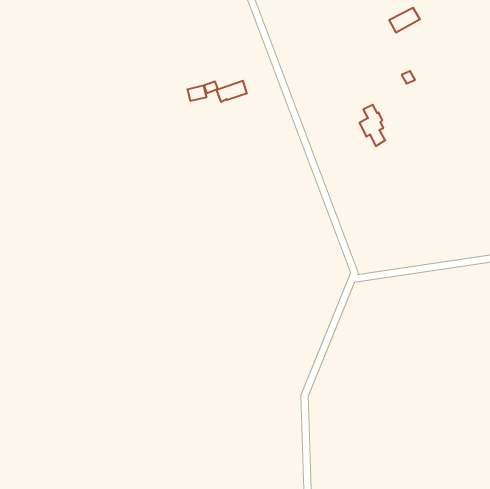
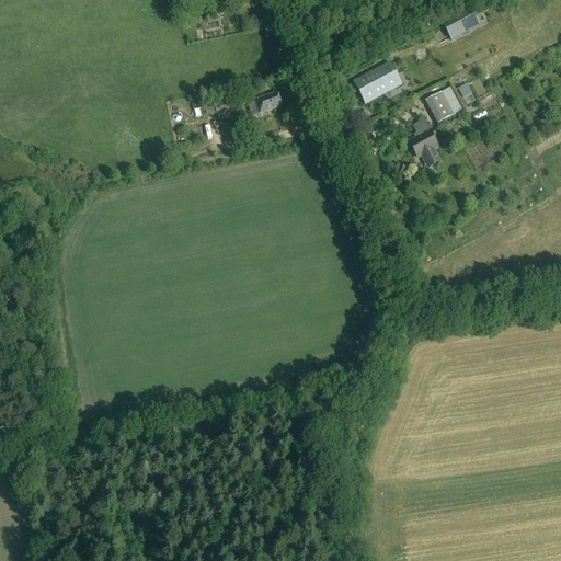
building: none -> [357,66,399,100]
building: none -> [426,92,455,124]

